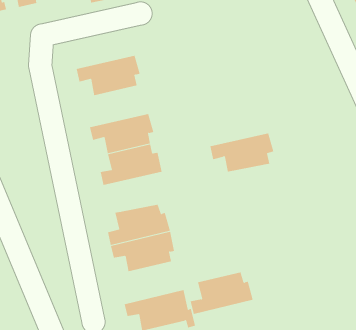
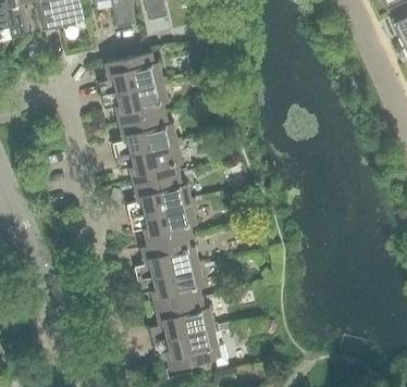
building: none -> [99,52,164,97]
building: none -> [113,114,178,158]
building: [209,133,274,172] -> [131,204,198,246]
building: [190,272,254,315] -> [149,298,215,342]

